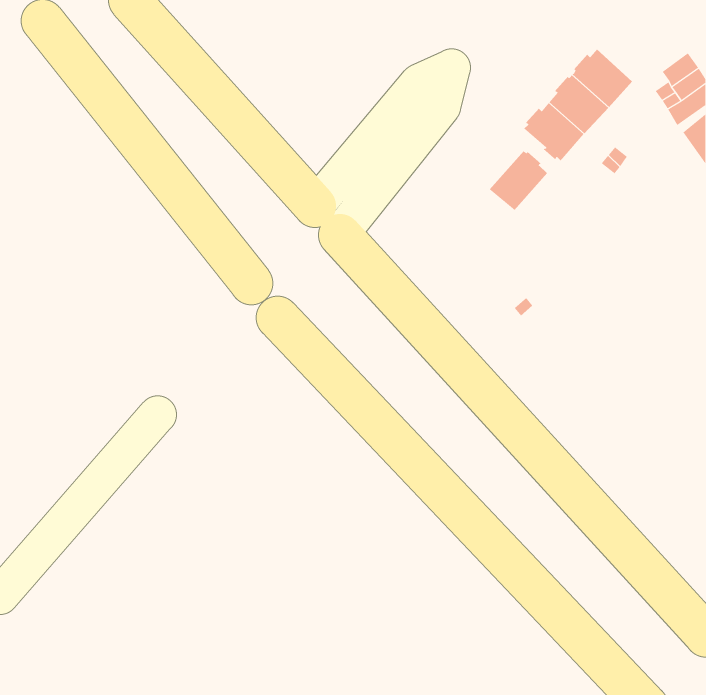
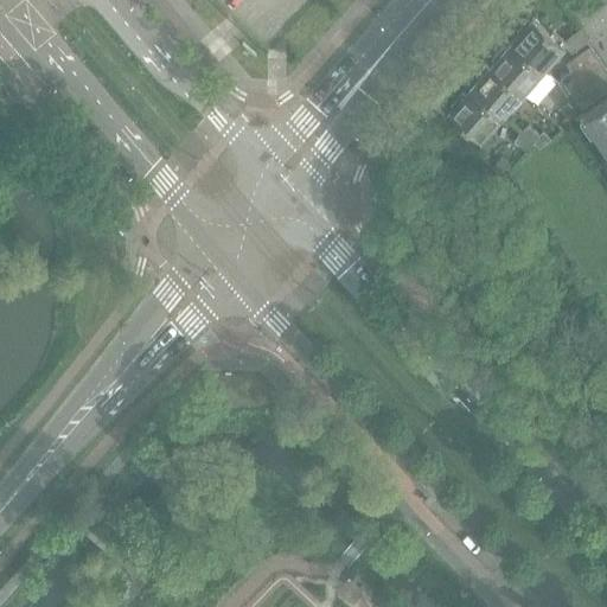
building: none -> [512,26,590,79]
building: [489,150,548,211] -> none

